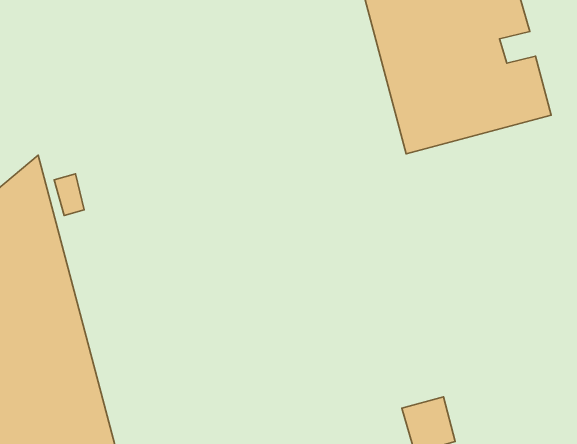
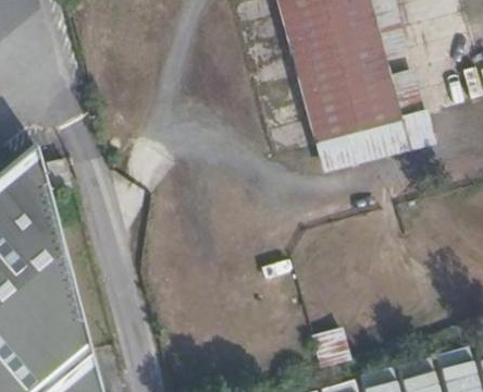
building: none -> [313,112,431,173]

